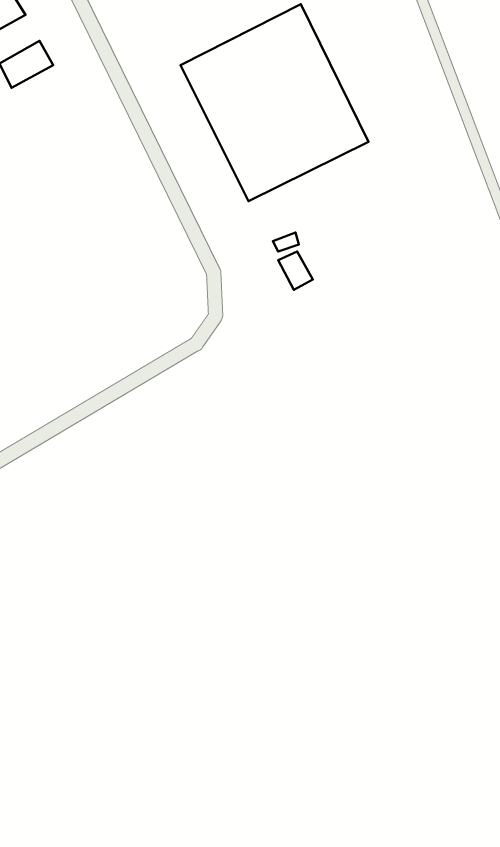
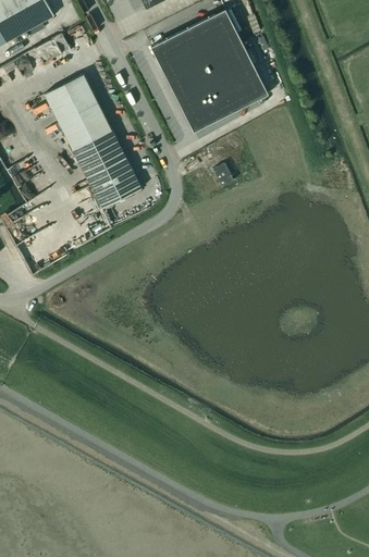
building: none -> [44,74,140,208]

